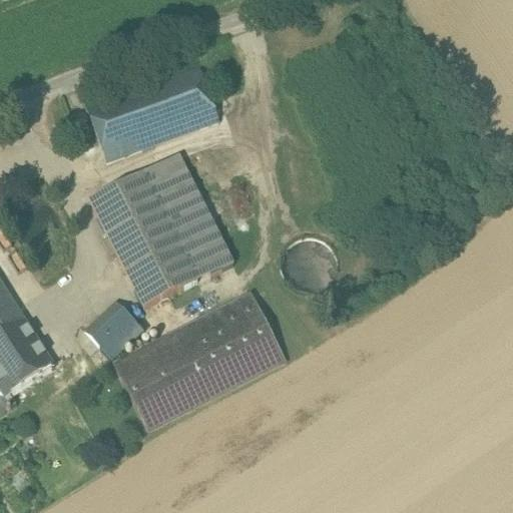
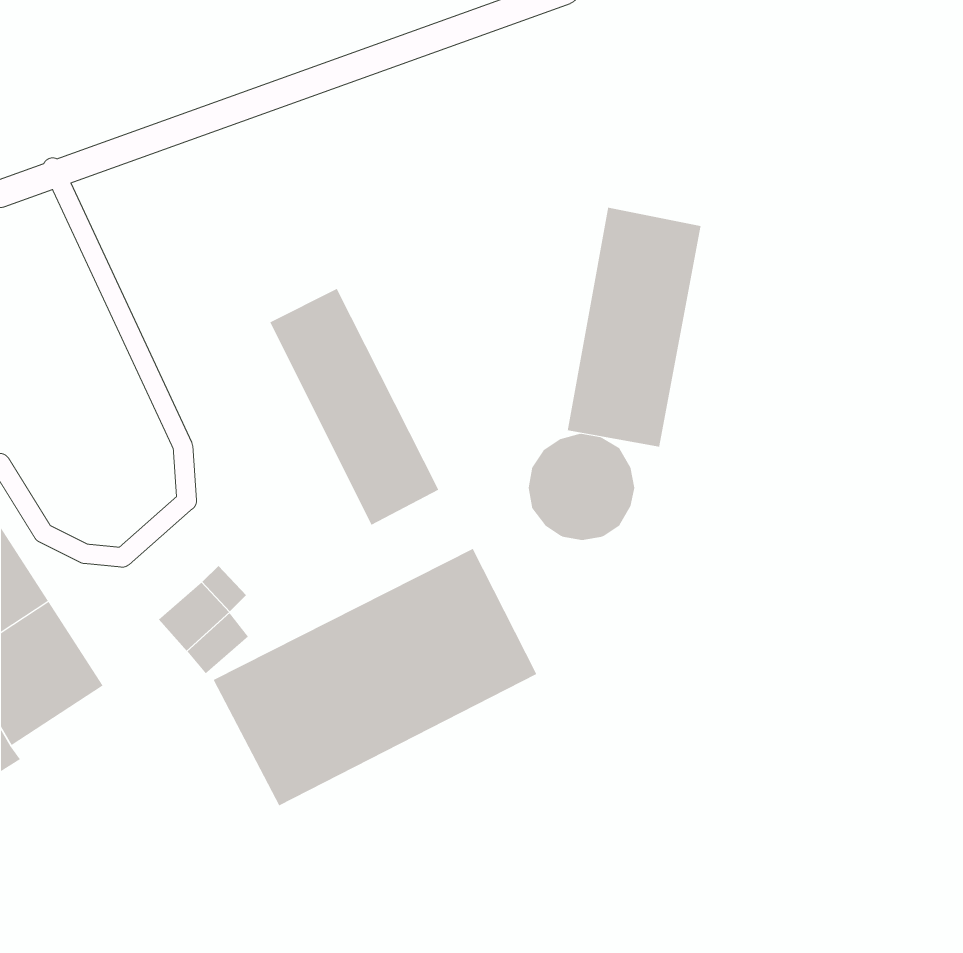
building: [84,61,216,158] -> none
building: none -> [567,207,701,448]
building: [89,171,197,307] -> none

